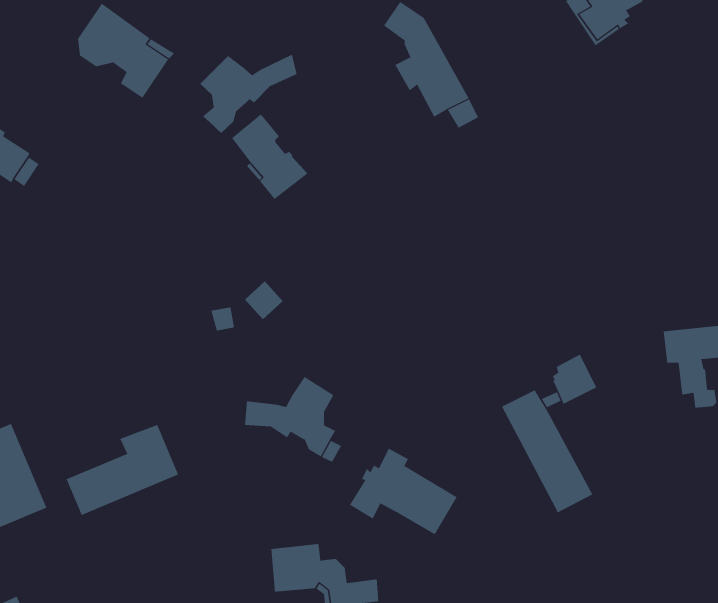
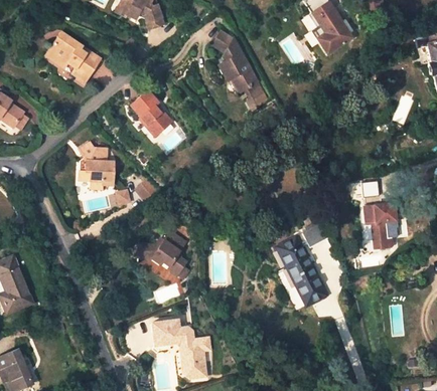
building: [200,54,297,134] -> none
building: none -> [78,142,115,190]
building: [66,424,179,516] -> none
building: [349,448,457,535] -> none

